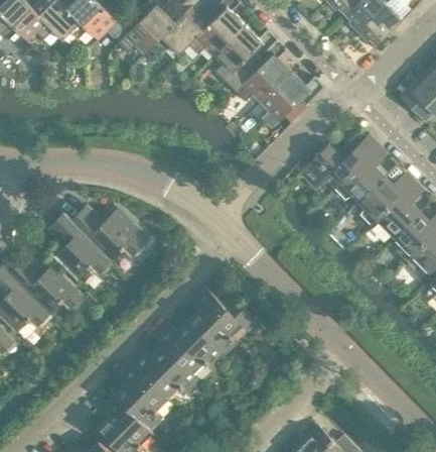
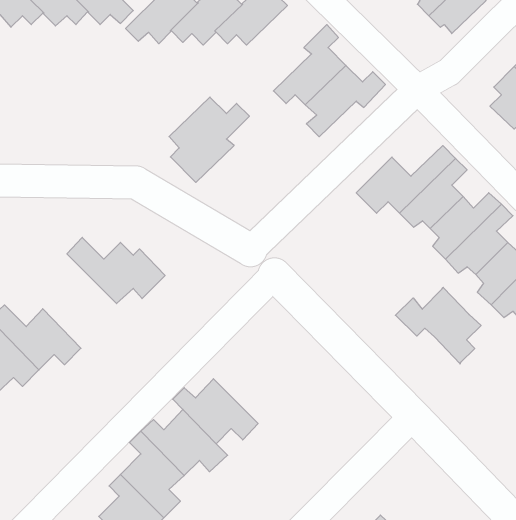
building: [213,24,277,92] -> [169,97,249,182]
building: [51,213,111,278] -> none
building: none -> [395,287,481,364]
building: [187,287,258,355] -> none

